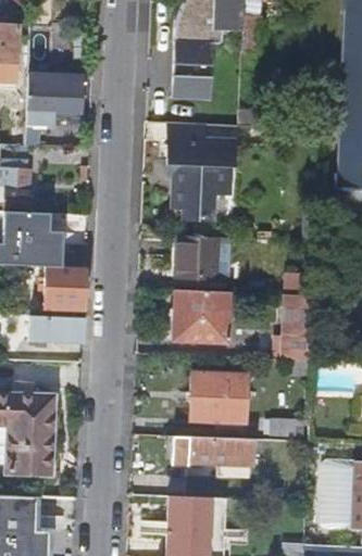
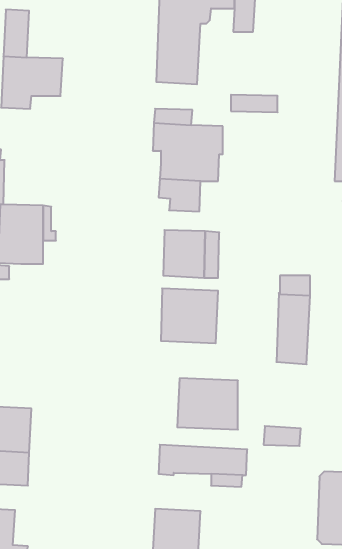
building: [45,267,86,307] -> none
building: [30,316,84,342] -> none

